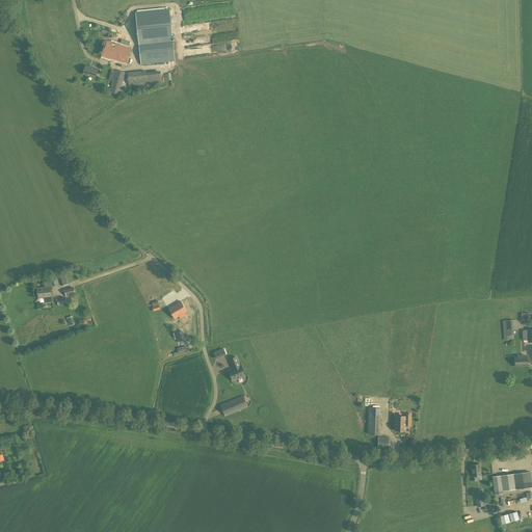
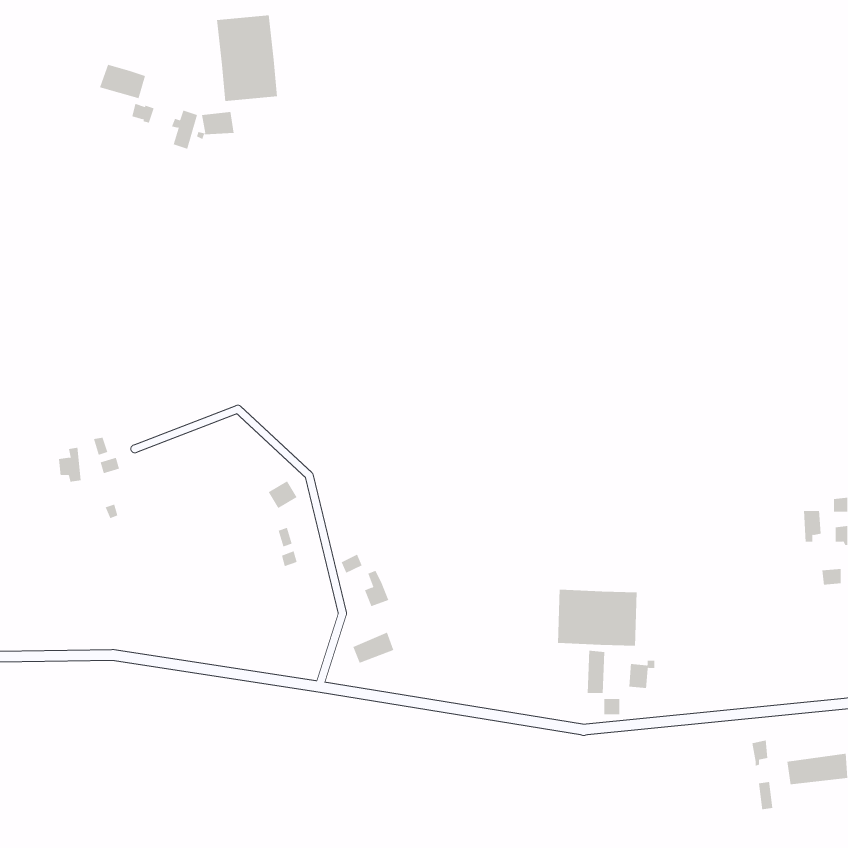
building: [101,41,130,62] -> [99,64,146,99]
building: none -> [558,589,637,646]

